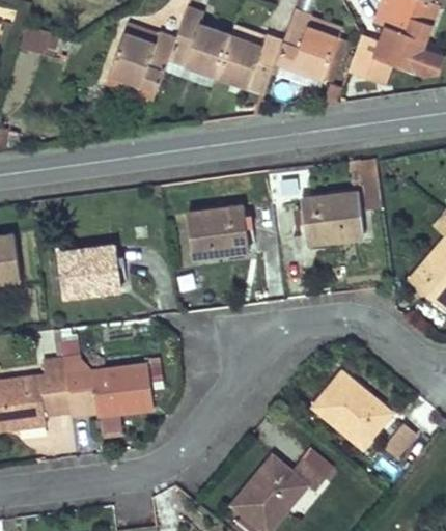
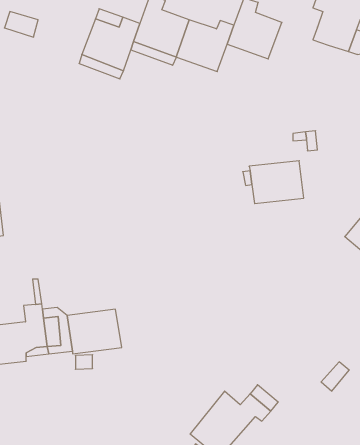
building: [349,36,391,82] -> none
building: [187,207,249,257] -> none
building: [57,247,119,297] -> none
building: [314,372,391,446] -> none

